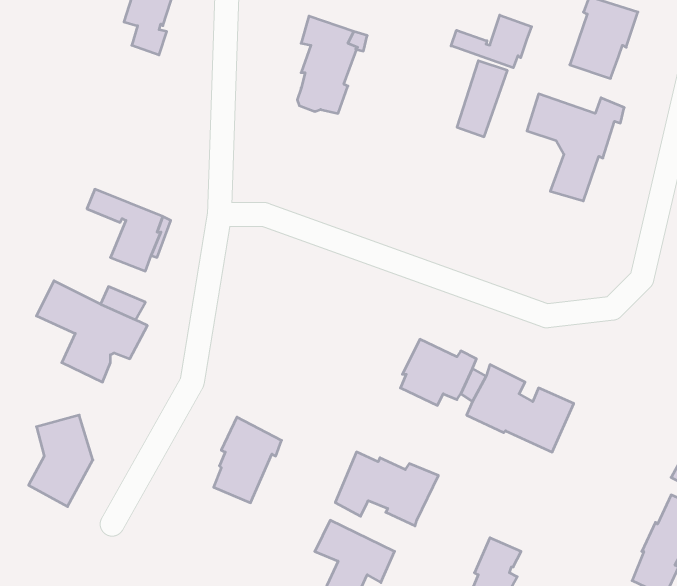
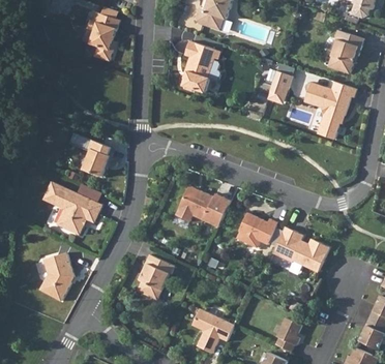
building: [451,15,532,68] -> none
building: [335,452,438,526] -> [175,187,230,226]

